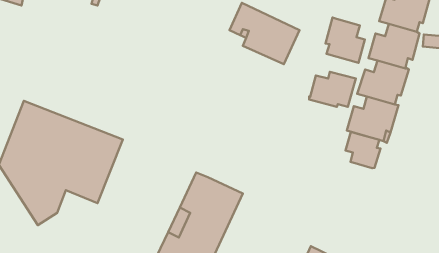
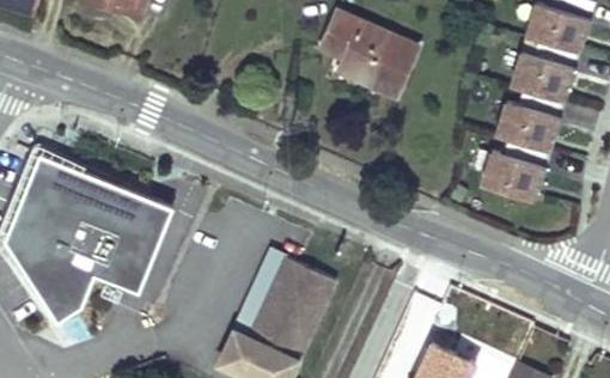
building: [325,17,365,63] -> none
building: [309,72,356,107] -> none
building: [346,132,381,168] -> none

